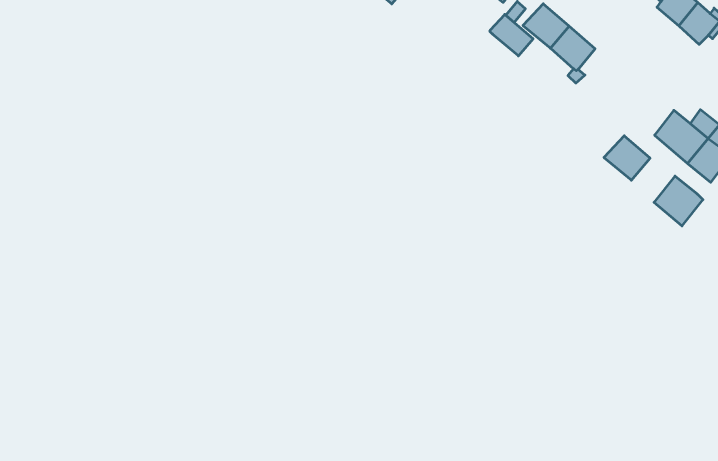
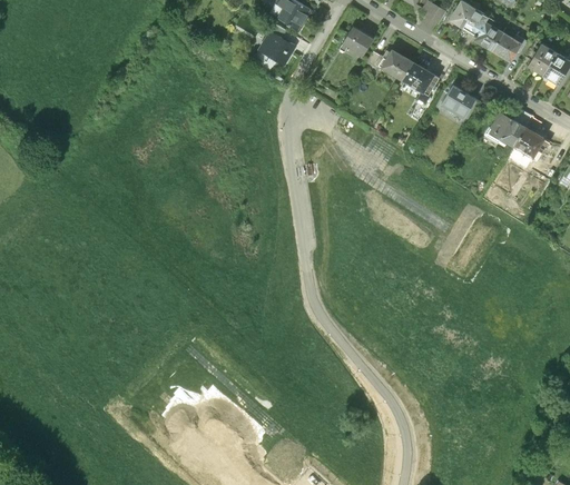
building: [490,14,533,56] -> none
building: [604,136,650,180] -> [440,87,473,118]
building: [654,176,703,226] -> none

